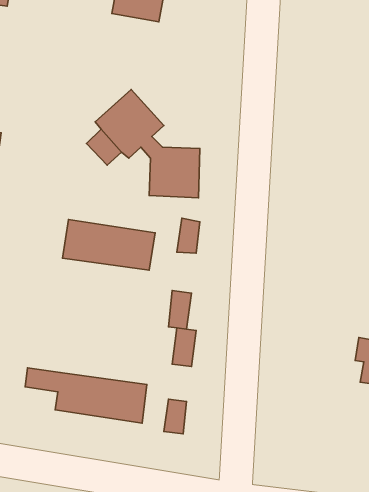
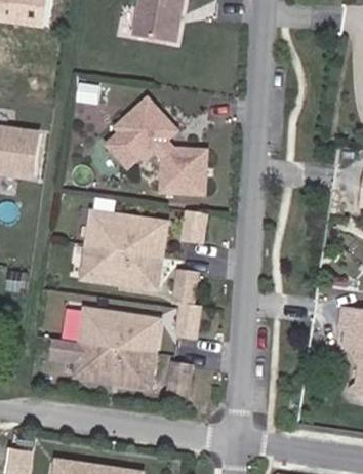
building: none -> [83,241,162,285]
building: none -> [86,305,165,349]

